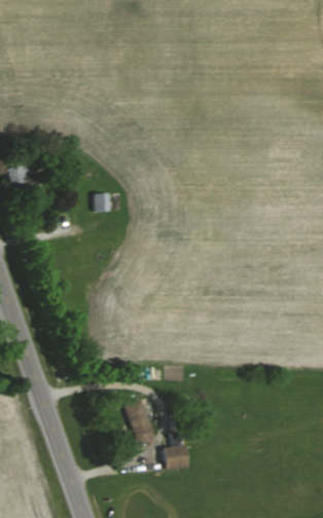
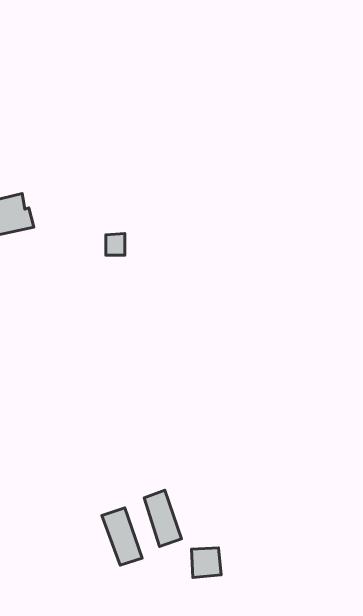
building: none -> [102,508,142,565]

